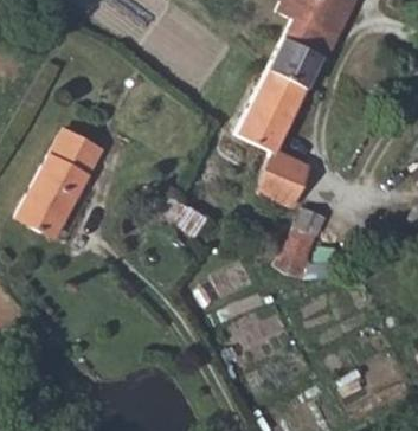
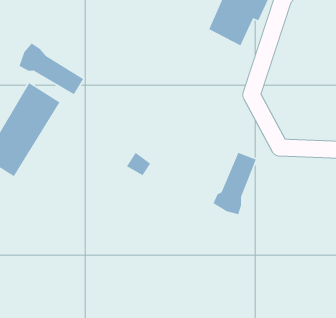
building: [239,70,313,204] -> none
building: none -> [18,42,84,95]

